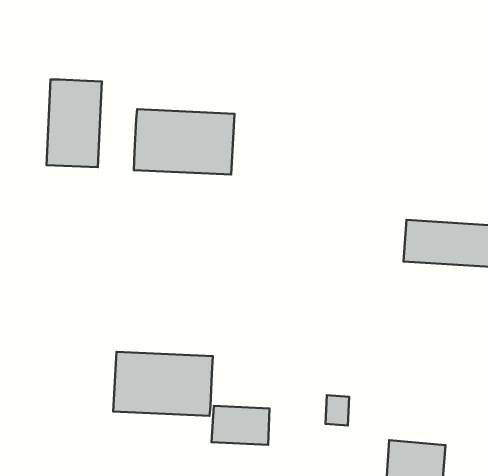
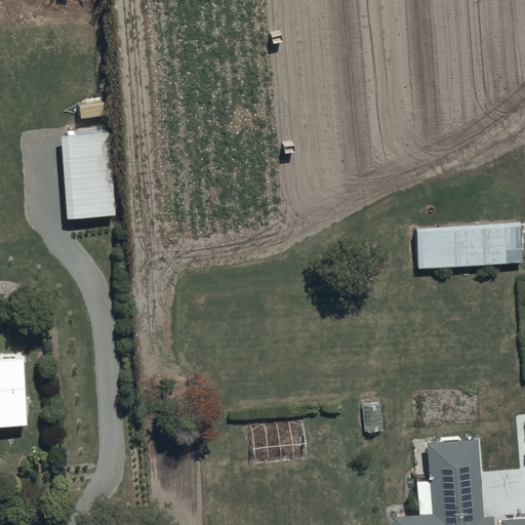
building: [134,109,234,175] -> none
building: [113,352,213,416] -> none

